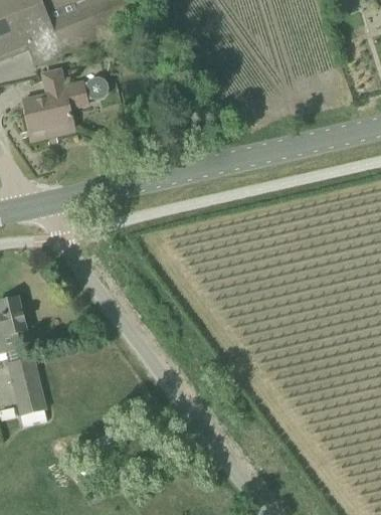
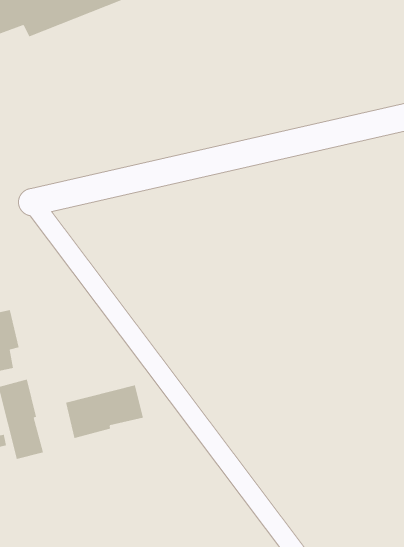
building: [21,66,107,130] -> none
building: none -> [65,385,144,439]

